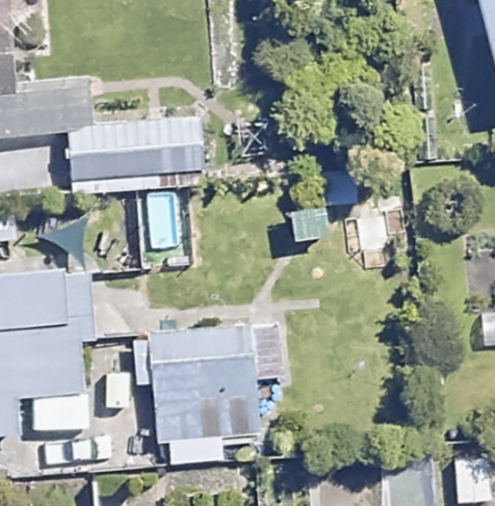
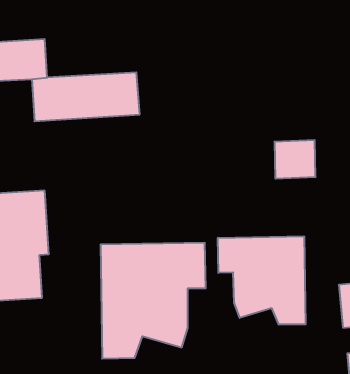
building: none -> [218,236,306,325]

